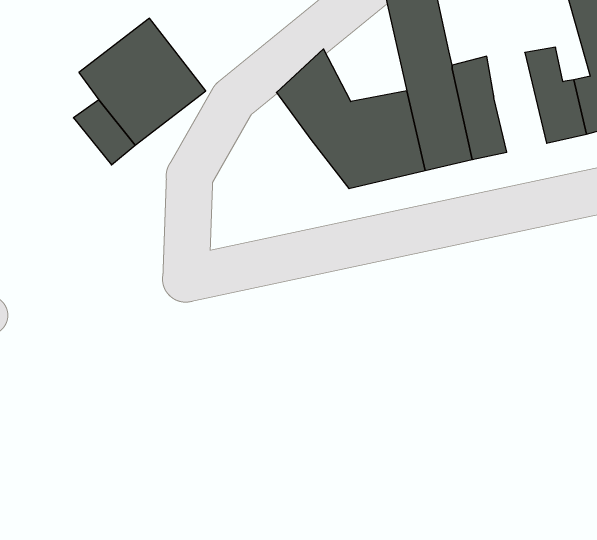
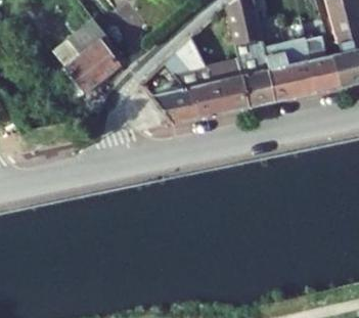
building: none -> [284,37,318,96]
building: none -> [152,89,207,124]

